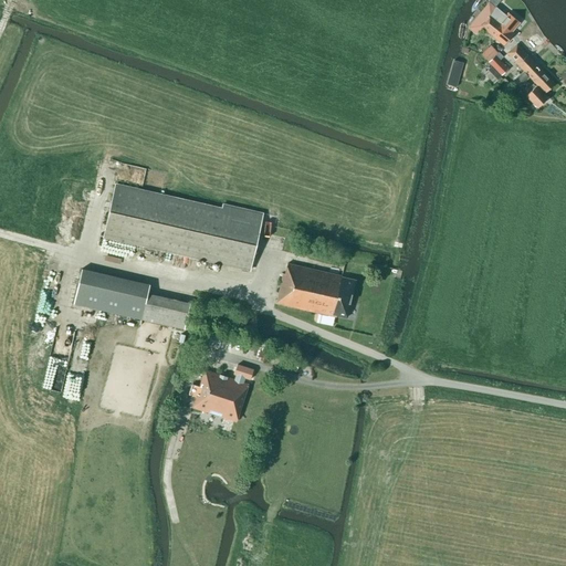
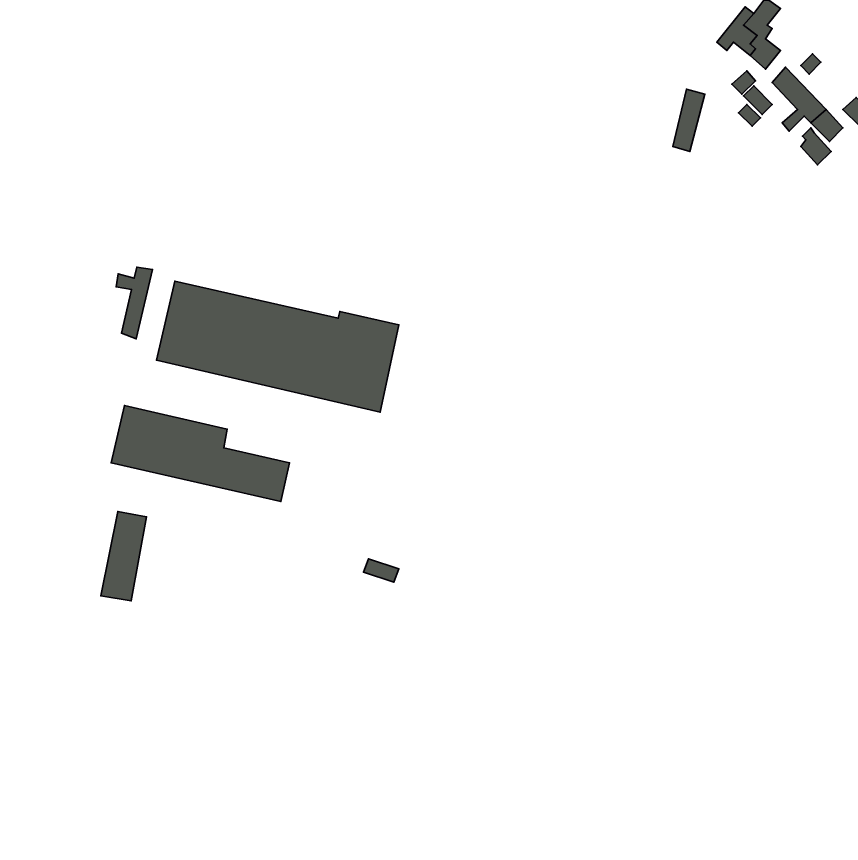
building: none -> [116,267,152,339]
building: [277,264,356,318] -> none
building: [189,370,250,422] -> none

